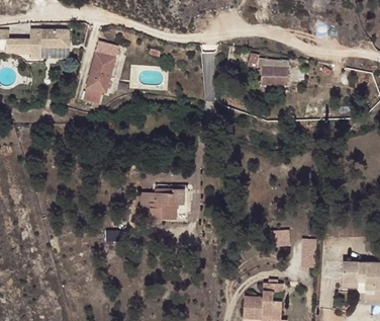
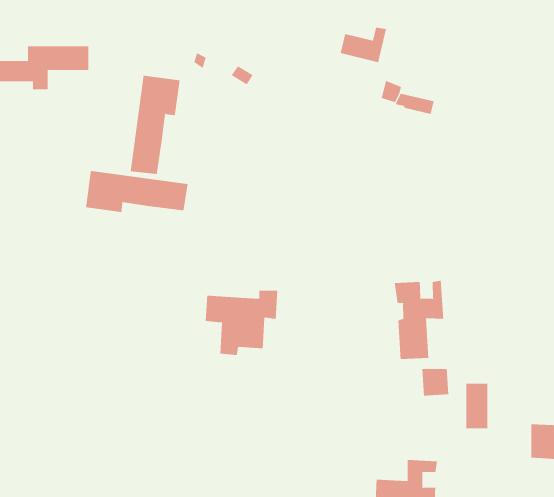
building: [258,64,287,86] -> [340,27,387,63]
building: none -> [85,170,188,213]
building: none -> [394,280,444,360]

